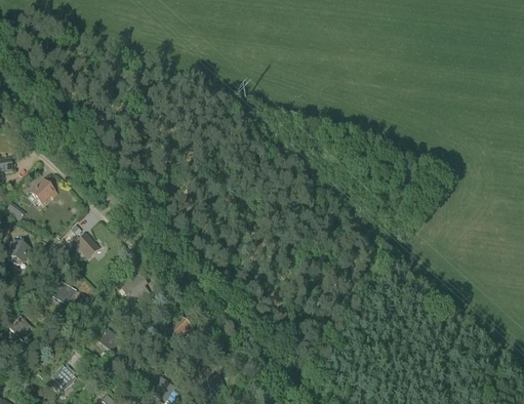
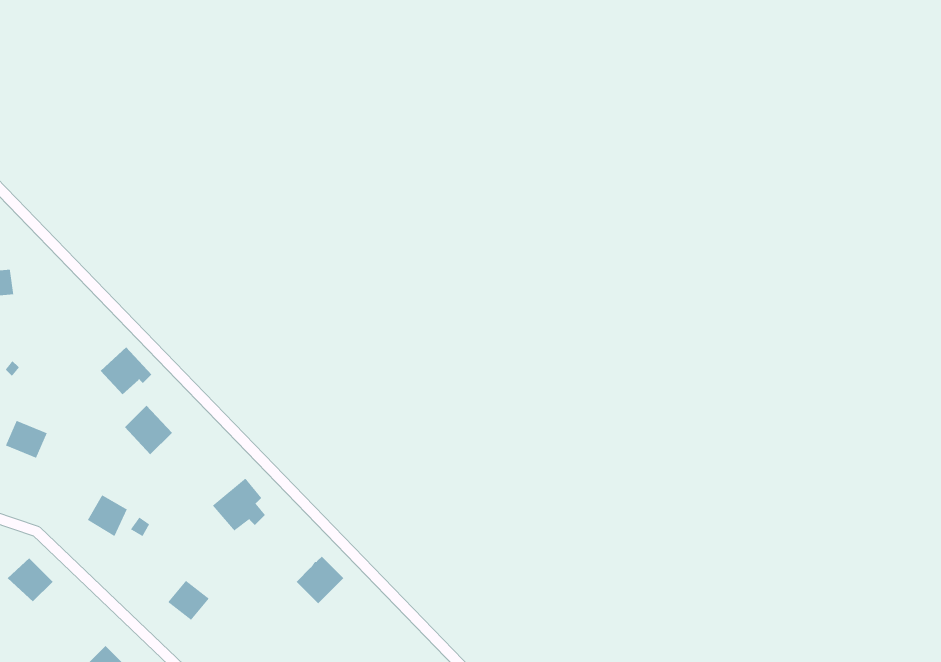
building: [29,177,57,204] -> [100,347,152,395]

